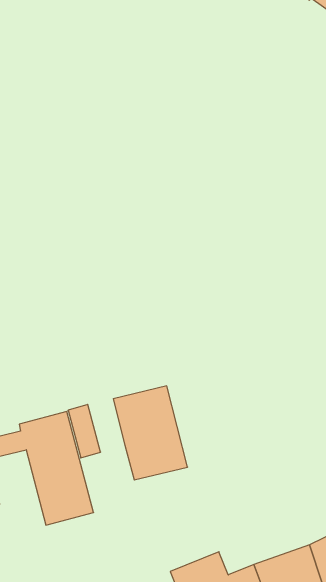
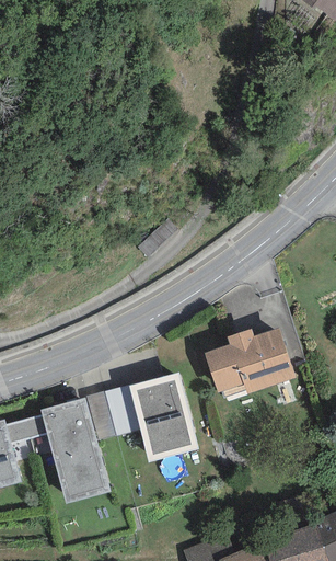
building: none -> [205,328,297,398]
building: none -> [105,385,140,435]

